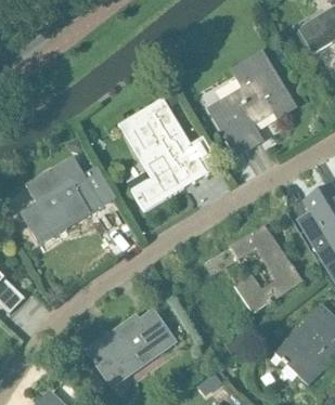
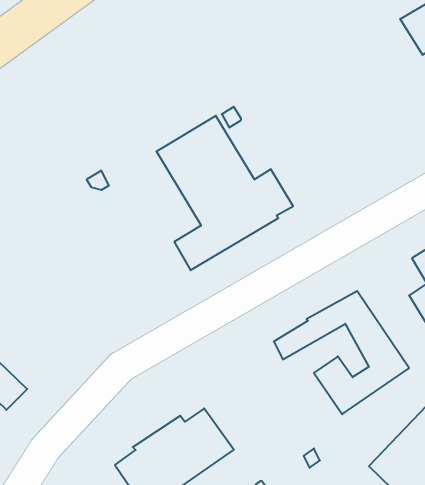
building: [214,51,293,152] -> none
building: [21,156,114,241] -> none

